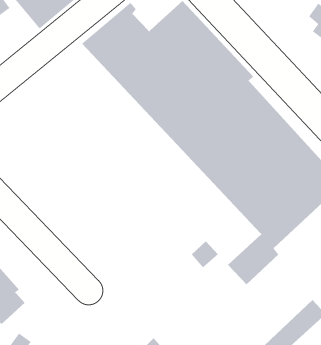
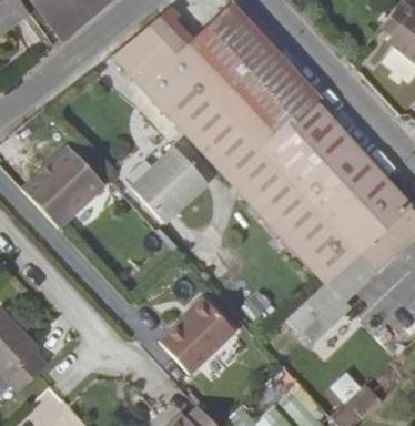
building: none -> [22,146,105,229]
building: none -> [133,148,209,222]
building: none -> [159,296,234,373]

